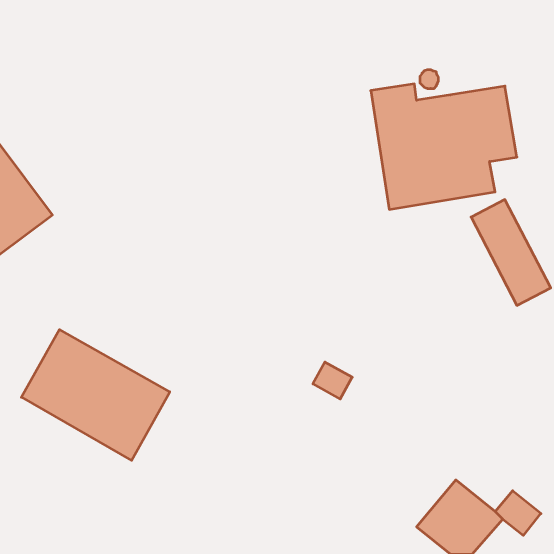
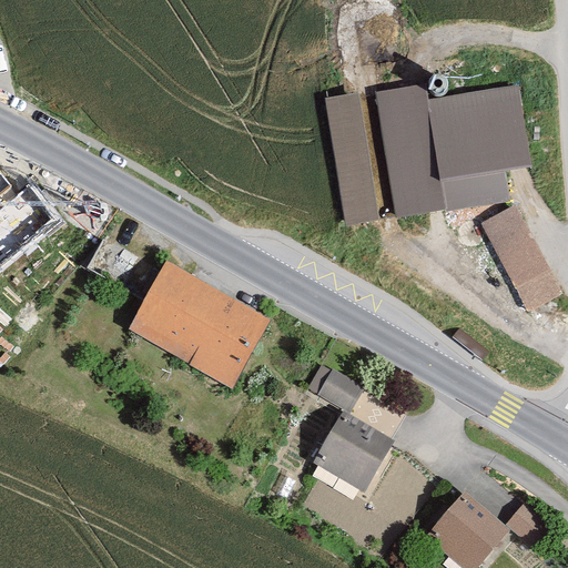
building: none -> [325,94,375,220]
building: [21,330,170,460] -> [125,261,276,394]
building: none -> [313,410,393,489]

